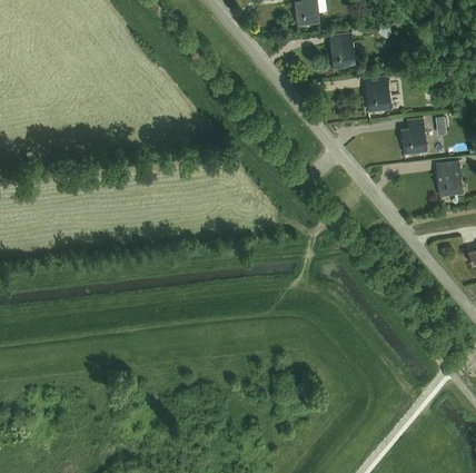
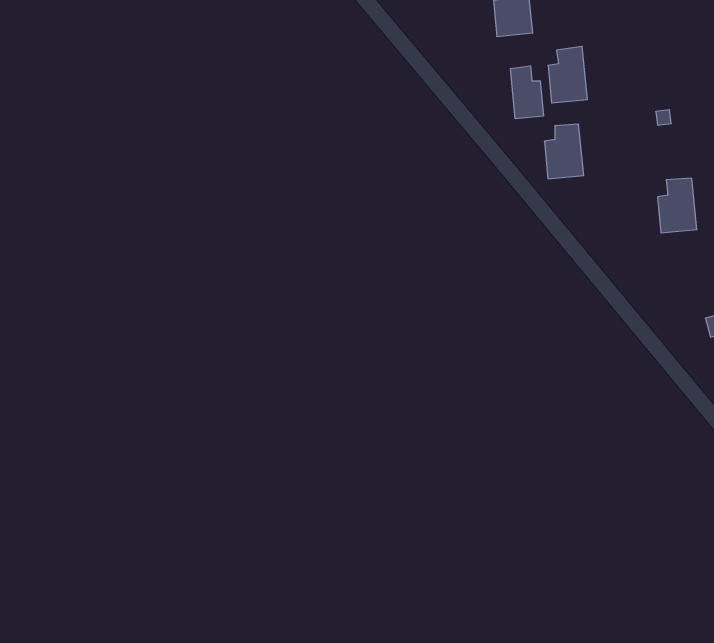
building: none -> [511,66,543,119]
building: [400,118,426,154] -> [544,124,584,179]

